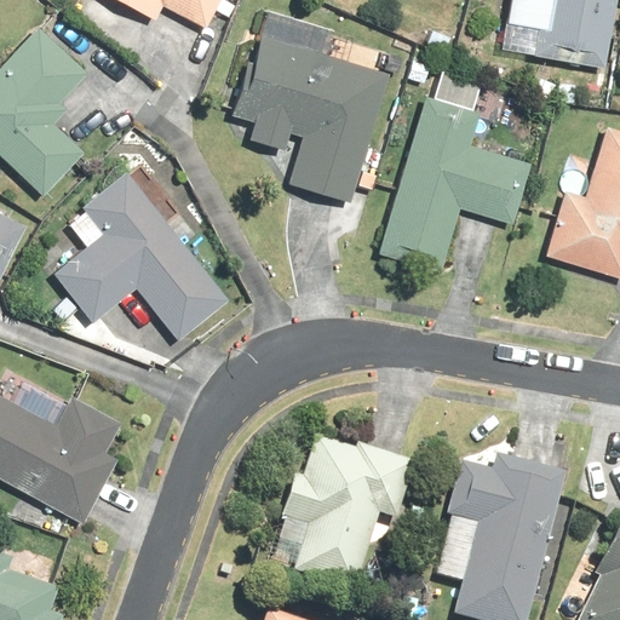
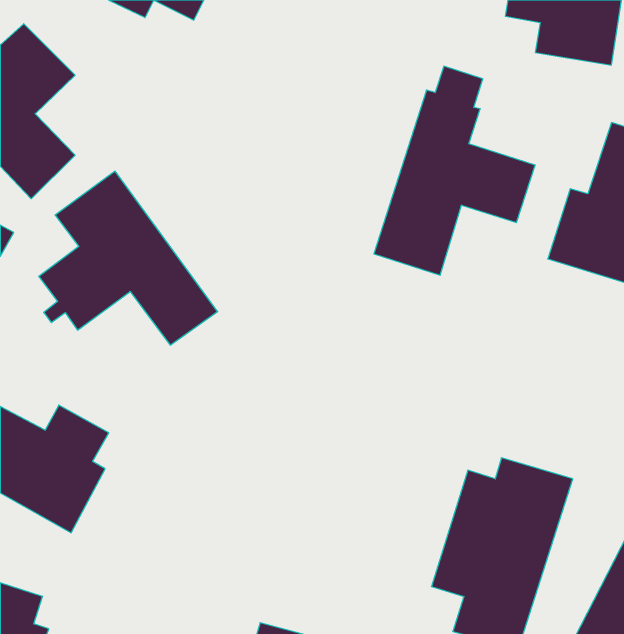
building: [230,35,388,201] -> none
building: [264,437,412,595] -> none

